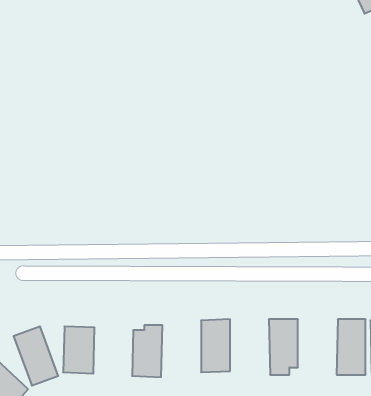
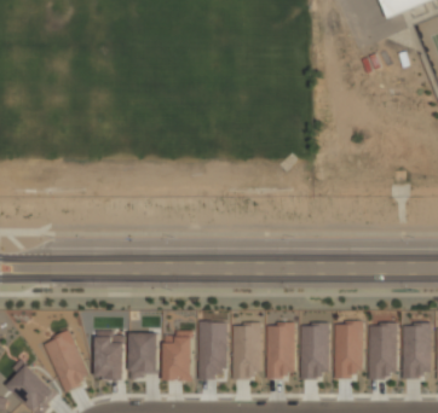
building: none -> [196,322,226,379]
building: none -> [333,324,363,377]
building: none -> [265,326,294,378]
building: none -> [128,333,159,380]

